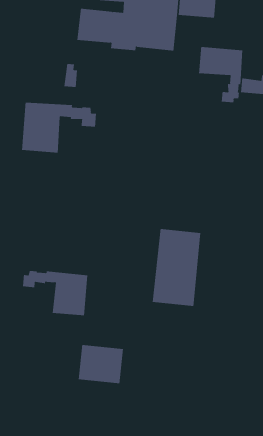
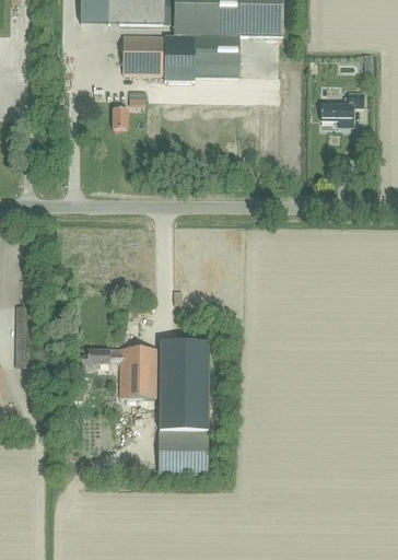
building: [199,46,243,103] -> none
building: [21,102,97,153] -> none
building: [152,229,201,307] -> [157,342,209,431]

